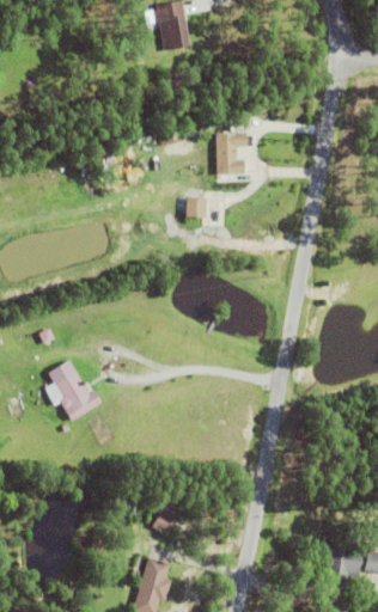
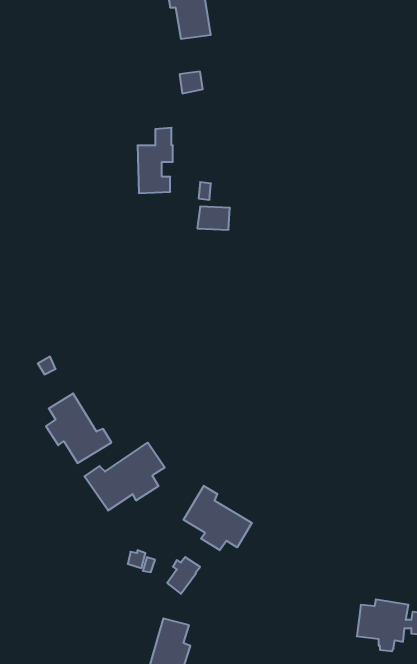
building: [215,117,246,175] -> [137,128,173,193]
building: none -> [84,443,165,511]
building: none -> [184,486,252,550]

